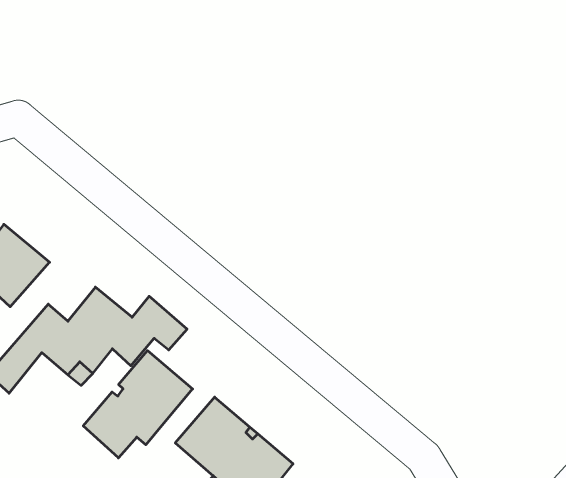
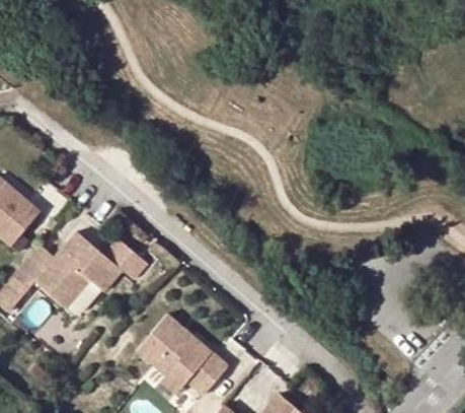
building: [83,351,193,458] -> none

